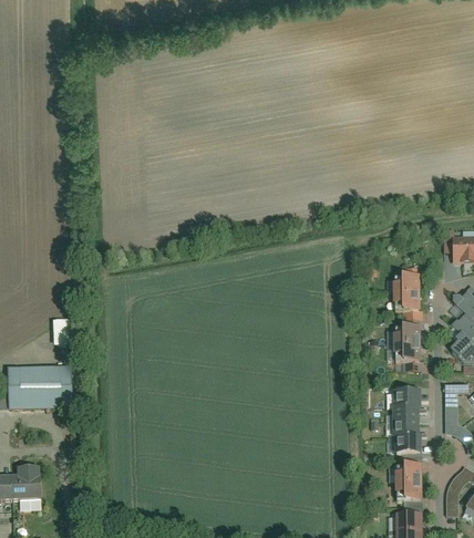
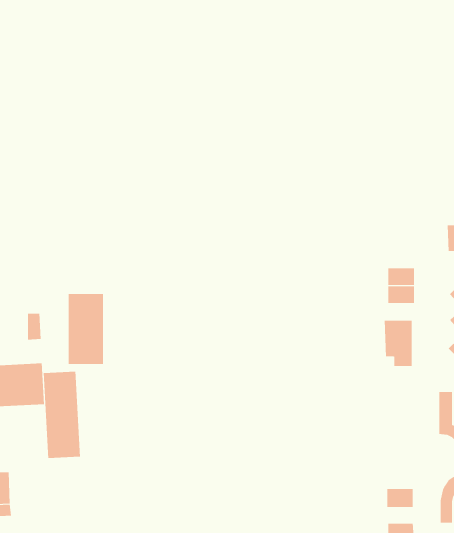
building: none -> [68,293,103,365]
building: none -> [43,371,80,459]
building: [392,387,420,451] -> none
building: [394,463,420,482] -> none

